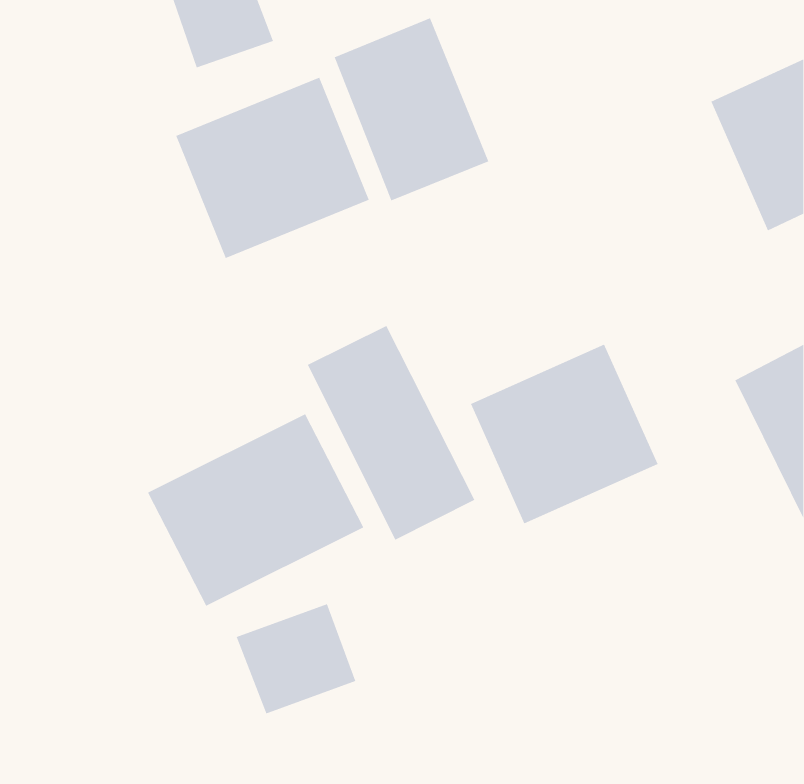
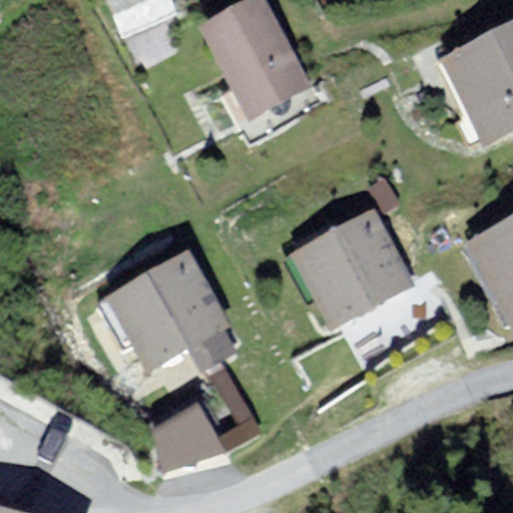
building: [175,77,370,259] -> none
building: [307,325,475,541] -> none

